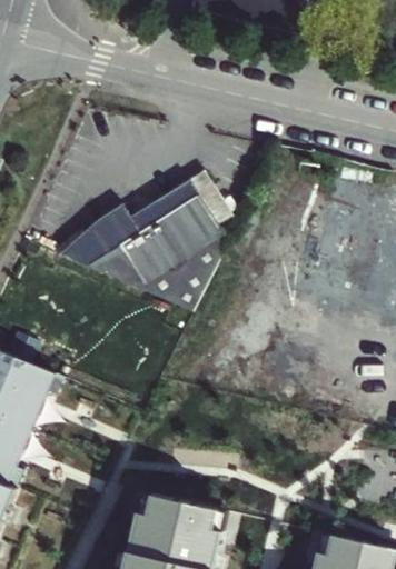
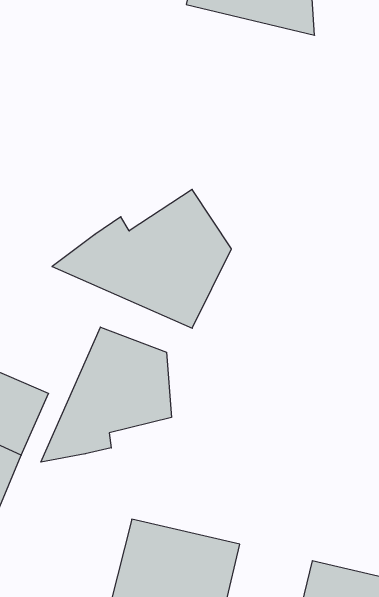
building: none -> [41,327,171,462]

